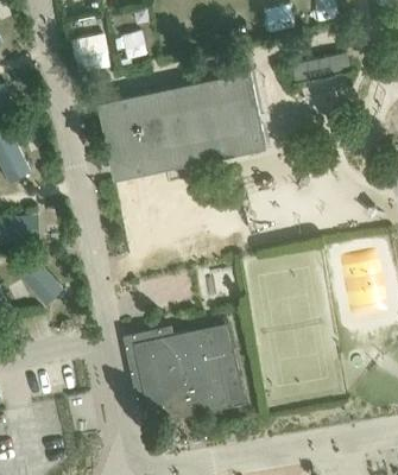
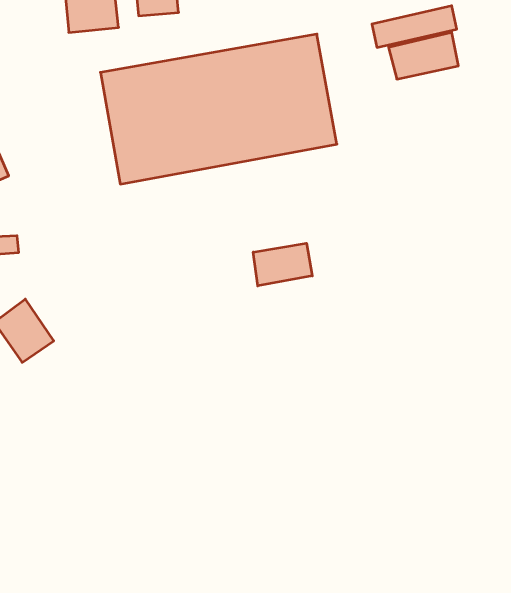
building: none -> [253,243,312,286]
building: [124,323,246,429] -> none

